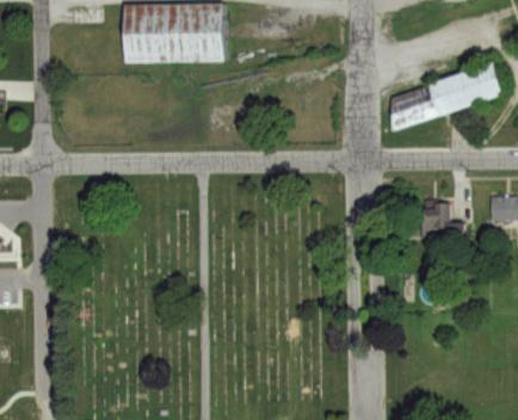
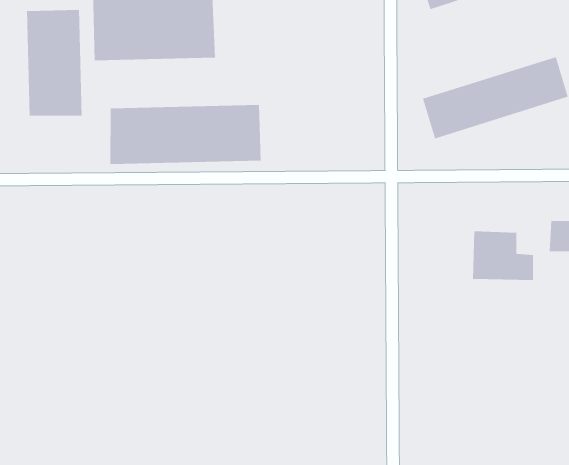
building: none -> [27,9,82,117]
building: none -> [110,104,261,165]

